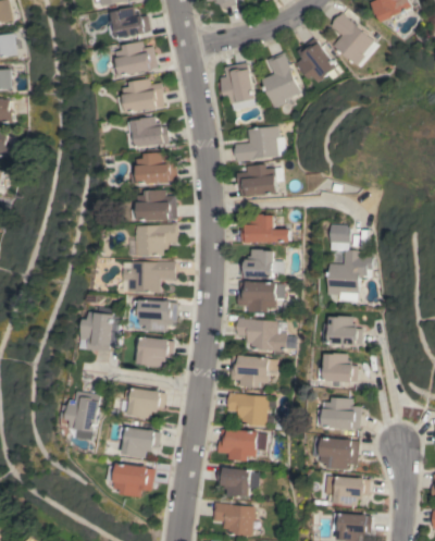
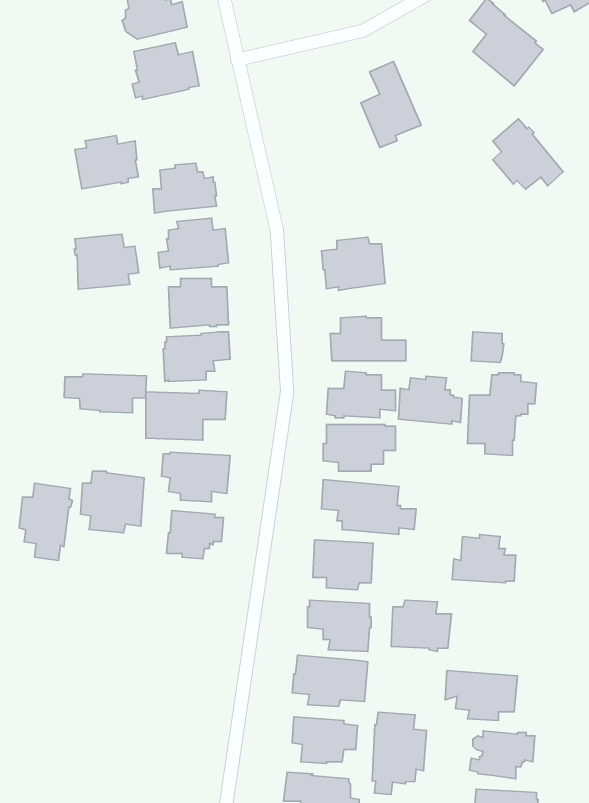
building: [295,38,339,83] -> [493,119,563,189]
building: [219,63,253,104] -> none
building: [124,79,164,113] -> [75,136,138,189]
building: [233,126,277,162] -> none
building: none -> [74,234,139,289]
building: none -> [64,374,146,413]
building: [322,316,362,346] -> [398,376,462,424]
building: [124,389,165,420] -> none
building: [70,392,103,441] -> [19,483,72,561]
building: [323,398,361,431] -> [391,600,451,652]
building: [119,428,160,458] -> none
building: [108,464,154,497] -> none
building: none -> [372,712,426,794]

